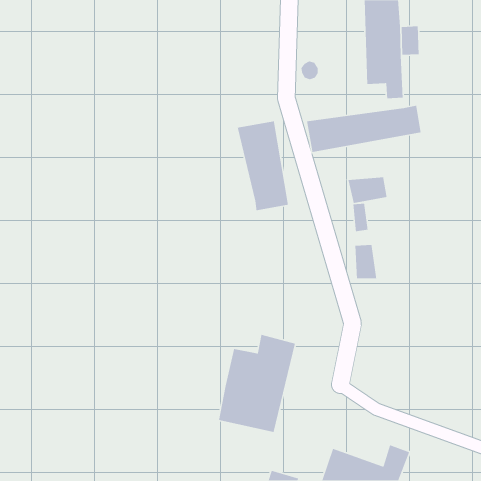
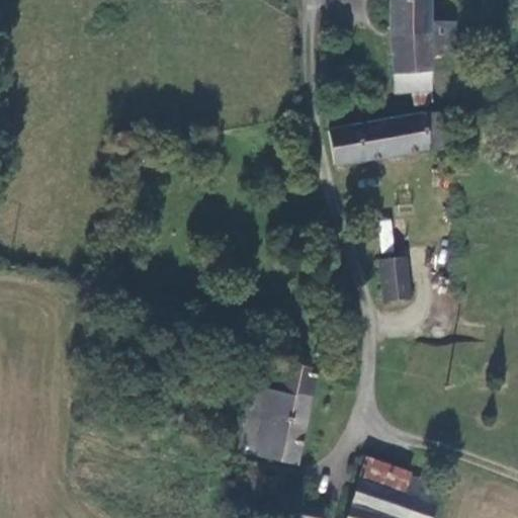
building: [237,120,289,211] -> none
building: [348,177,388,204] -> none
building: none -> [358,458,419,500]

